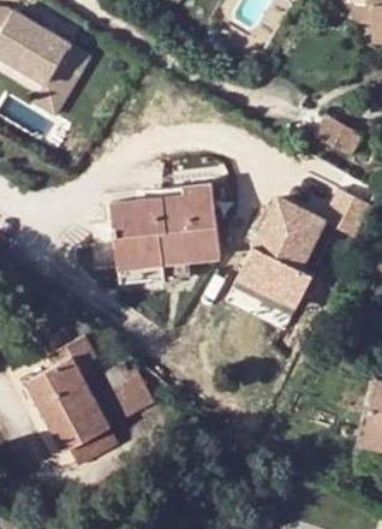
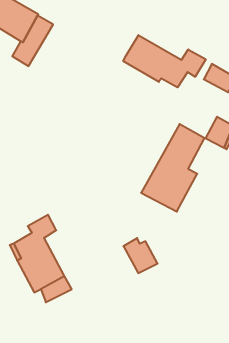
building: none -> [123,35,206,87]
building: [112,185,217,284] -> none
building: [103,364,154,416] -> [123,238,158,273]

